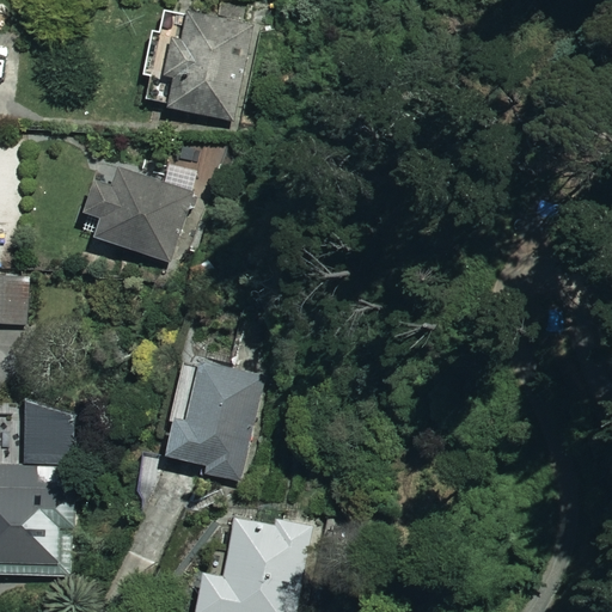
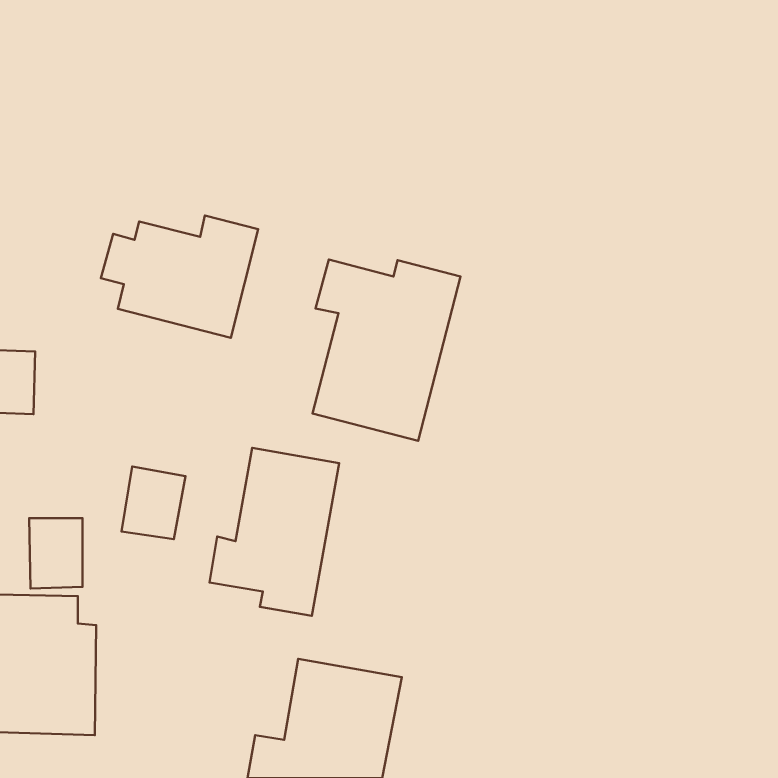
building: [136,7,252,121] -> none
building: none -> [313,260,460,441]
building: none -> [122,467,186,539]

